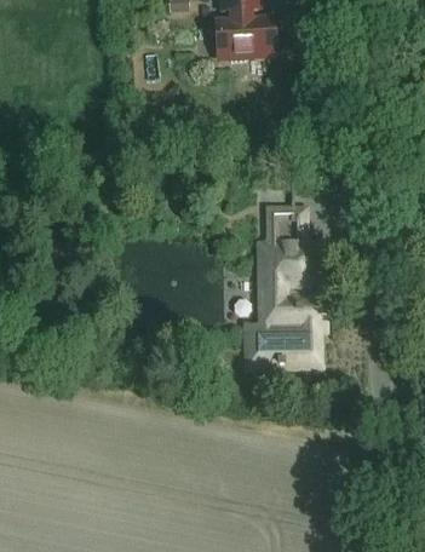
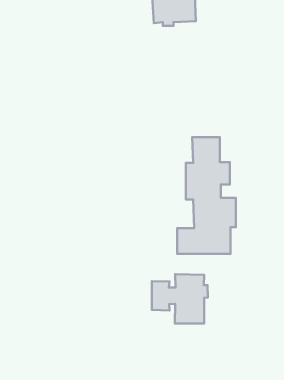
building: none -> [152,274,208,324]

